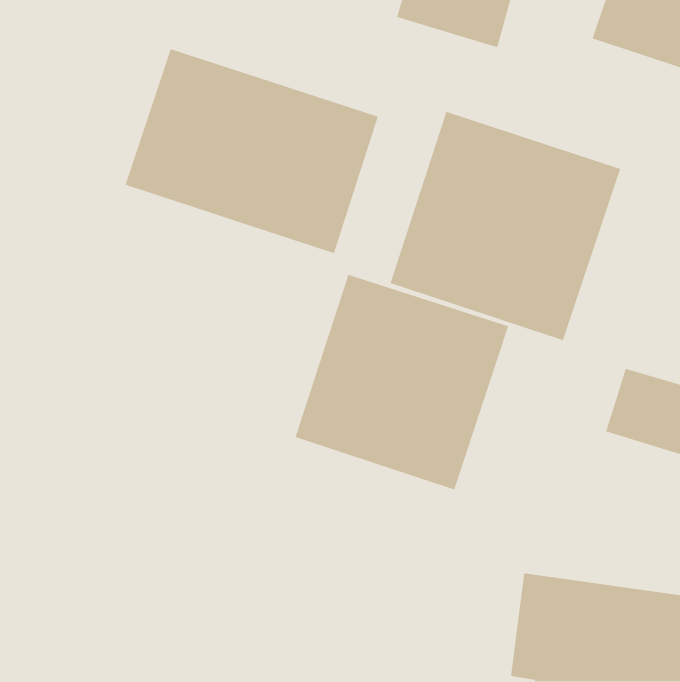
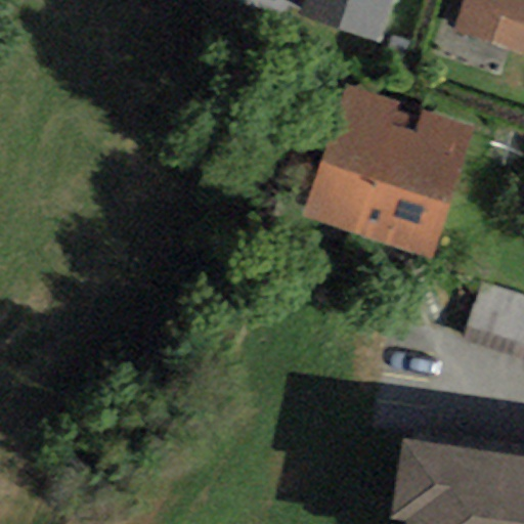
building: [125,48,379,254] -> none
building: [294,274,509,491] -> none

